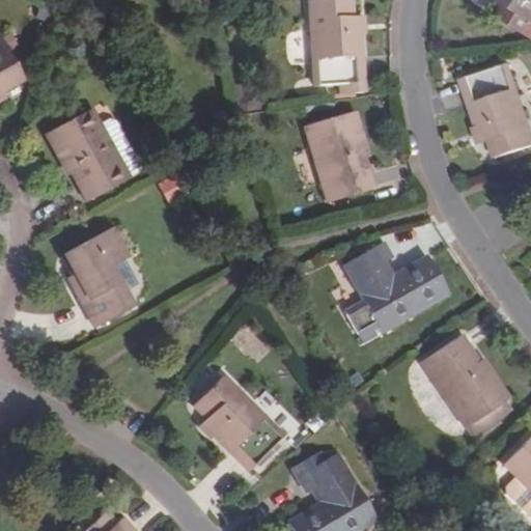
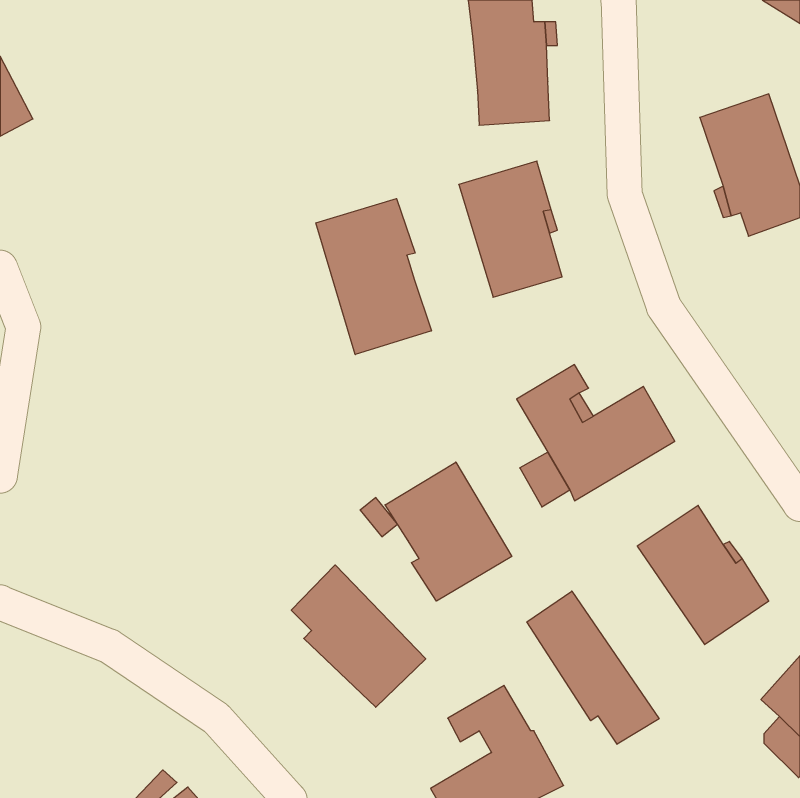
building: [44,107,131,200] -> none
building: none -> [316,199,431,355]
building: [63,226,133,327] -> none
building: none -> [385,462,512,601]
building: none -> [527,591,659,744]

